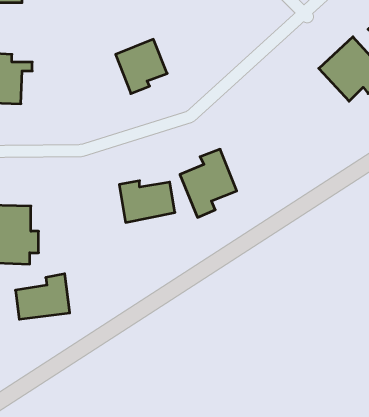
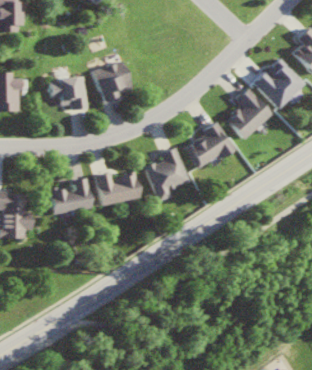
building: none -> [49,76,89,110]
building: none -> [228,88,271,139]
building: none -> [183,125,232,169]
building: [15,274,70,319] -> [49,178,92,214]

